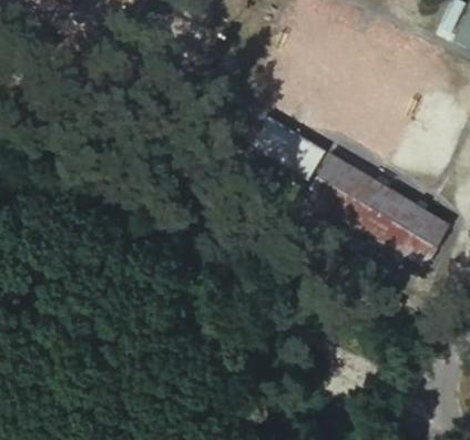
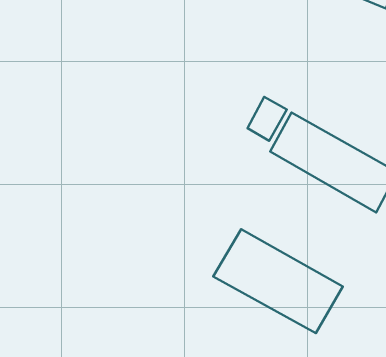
building: none -> [213,229,343,333]

